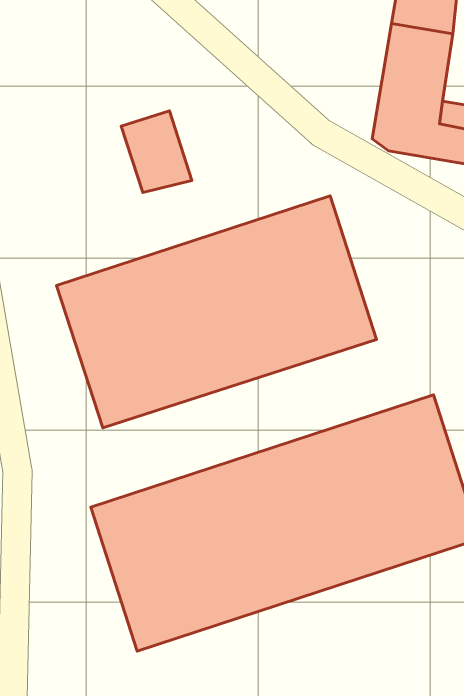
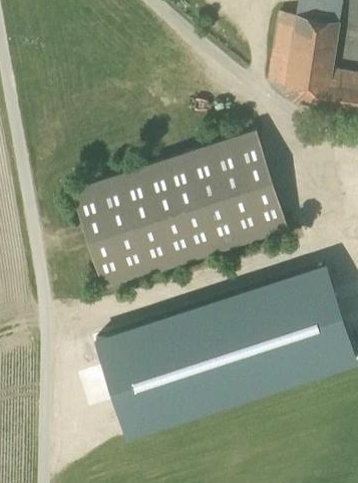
building: none -> [270,13,297,93]
building: [121,111,192,192] -> none

